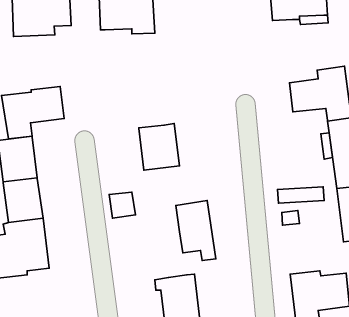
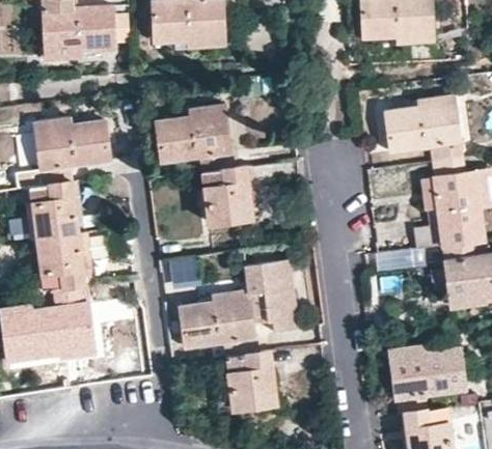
building: none -> [158,105,234,171]
building: none -> [181,299,262,358]

